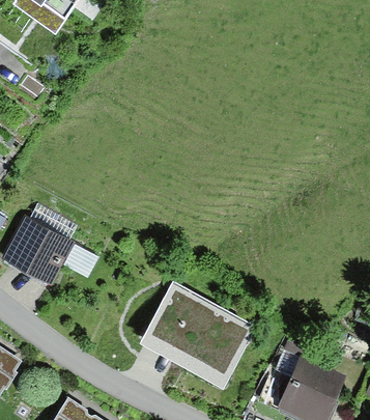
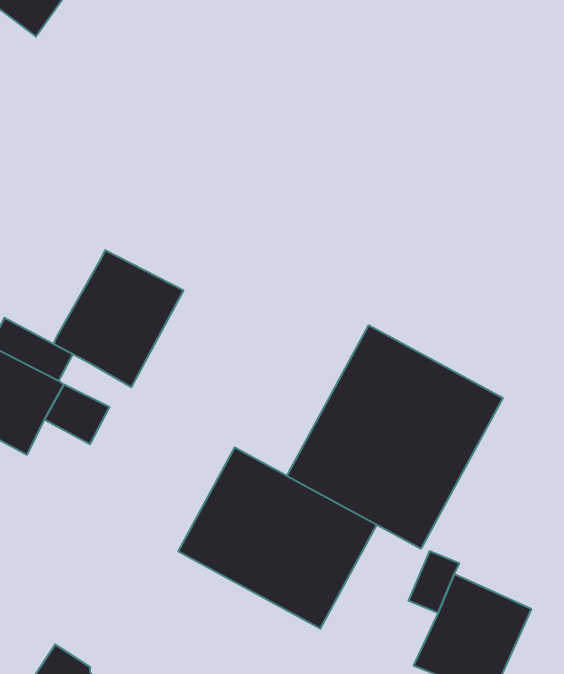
building: none -> [54,250,183,387]
building: none -> [287,325,503,549]

